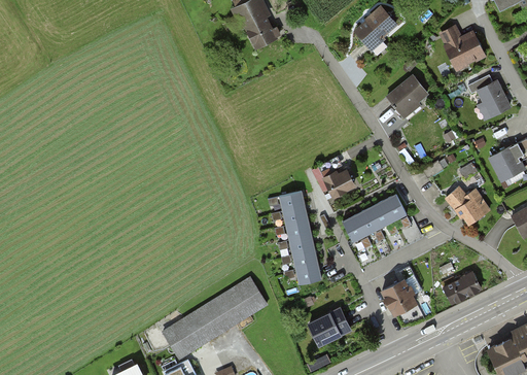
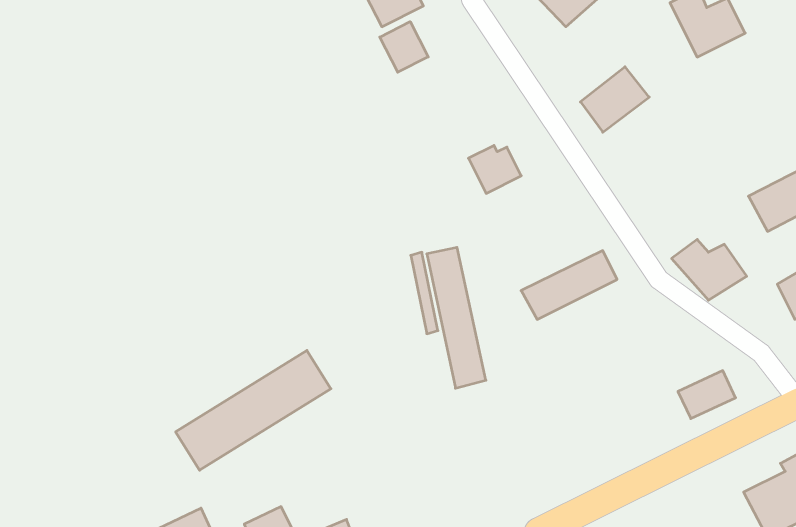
building: none -> [380,22,428,72]
building: [475,77,511,118] -> none
building: [316,170,350,201] -> [468,145,521,193]
building: [384,277,417,311] -> none
building: [166,279,266,356] -> [176,350,331,470]
building: [312,309,350,343] -> none

